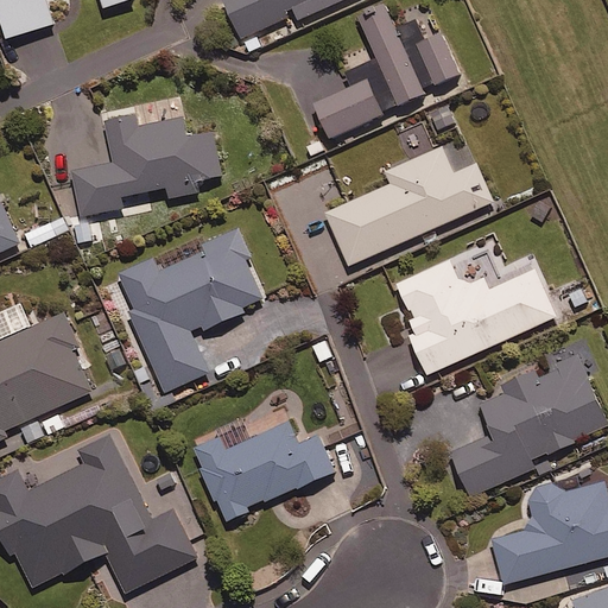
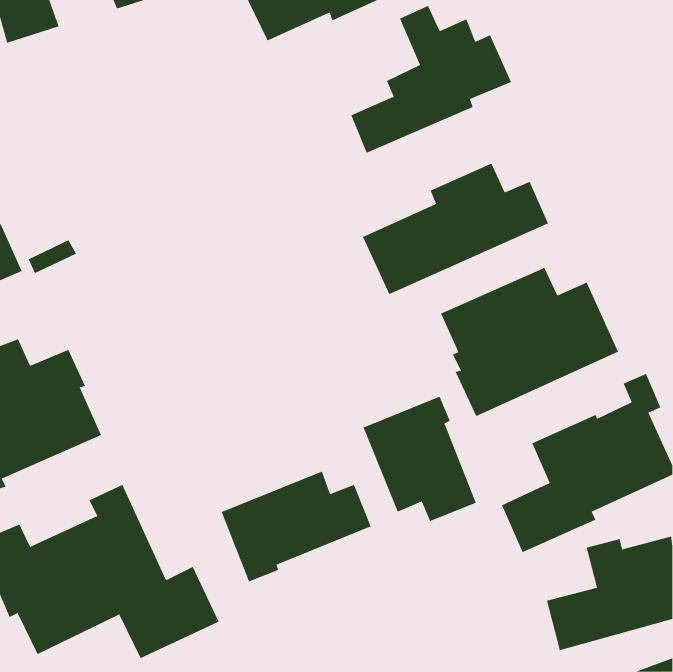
building: [71,116,222,216] -> none
building: [118,230,265,392] -> none
building: none -> [363,396,476,522]

